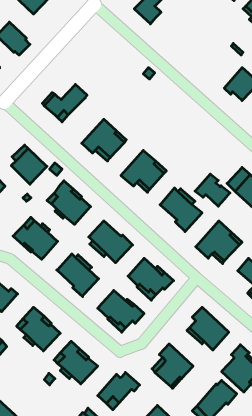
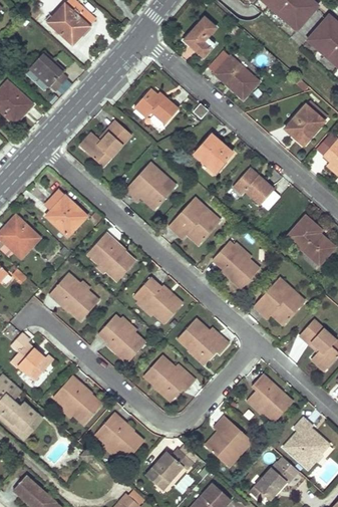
building: none -> [215,55,257,97]
building: none -> [135,88,178,123]
building: none -> [195,134,233,170]
building: [195,174,230,206] -> [234,168,273,204]

